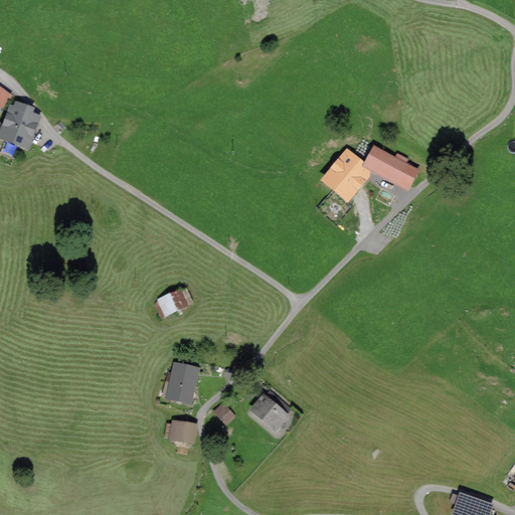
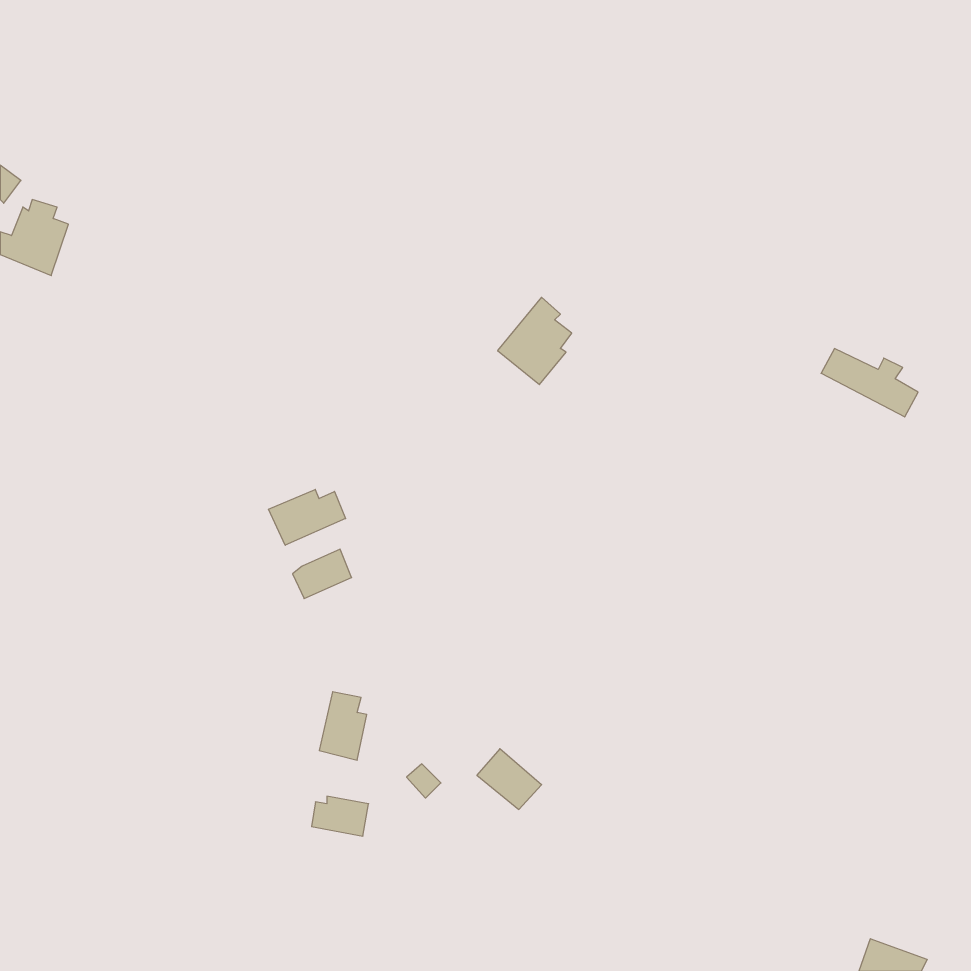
building: [364,149,415,185] -> [821,349,918,417]
building: [326,152,365,198] -> [498,297,572,385]
building: none -> [268,489,346,545]

